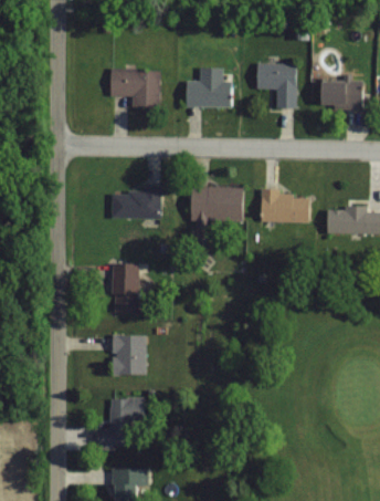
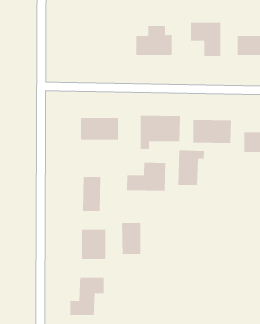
building: [109,70,160,107] -> none
building: none -> [178,149,205,186]
building: none -> [126,162,166,192]
building: none -> [122,222,141,255]

